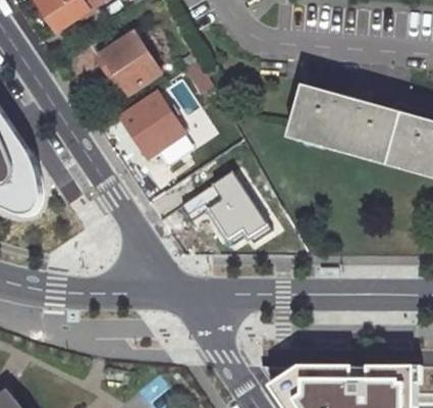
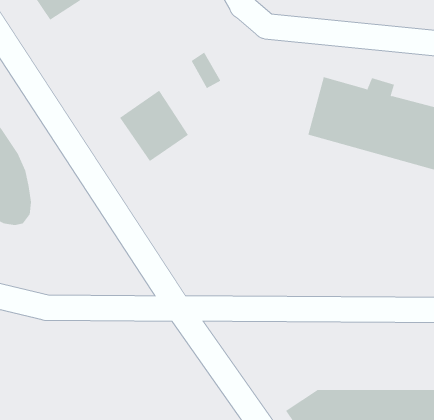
building: [99,34,158,96] -> none
building: [182,170,272,245] -> none

